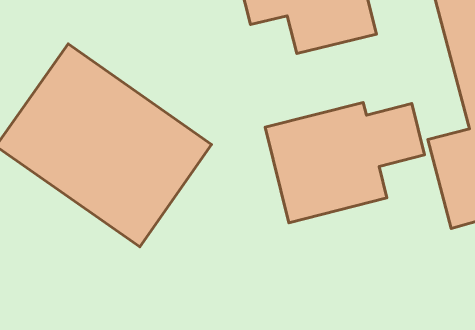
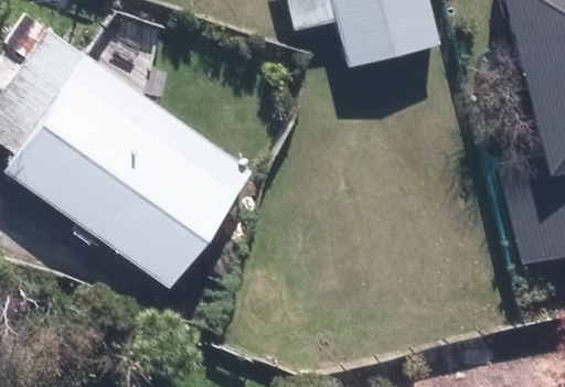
building: [265,102,425,223] -> none

